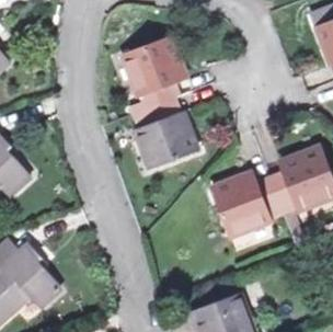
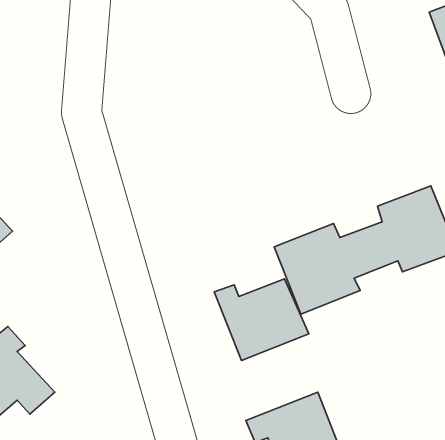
building: [128,43,203,172] -> none
building: none -> [214,279,309,361]

